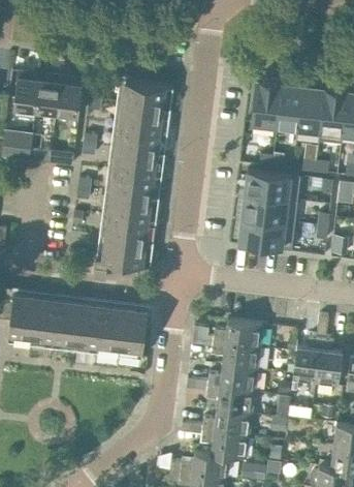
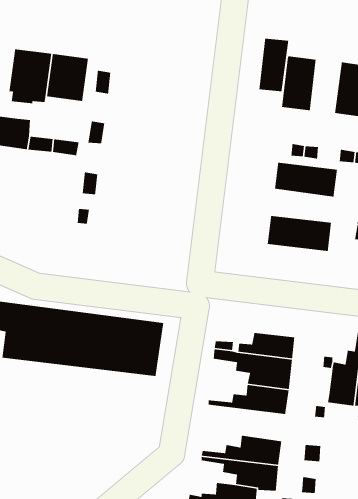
building: [93,82,173,280] -> none
building: [277,82,303,129] -> [259,38,289,92]
building: [242,195,297,224] -> none
building: [186,385,255,416] -> none

